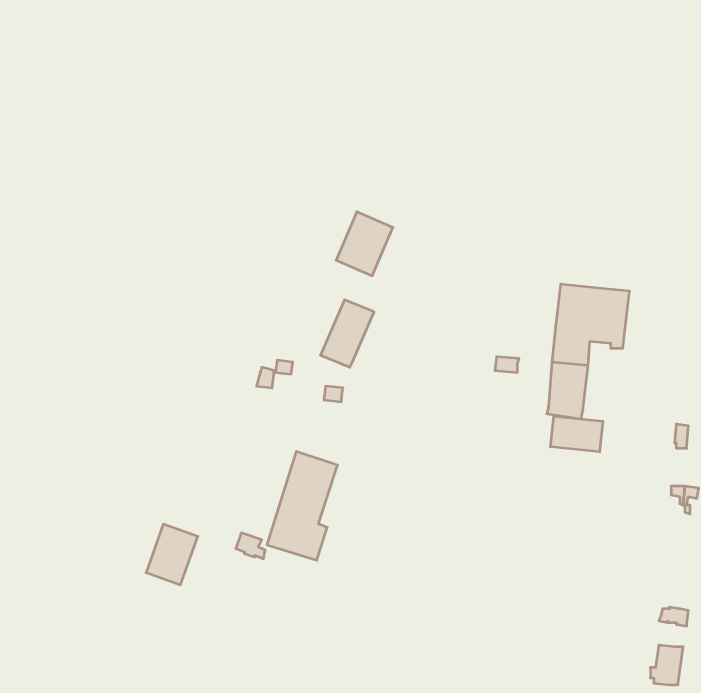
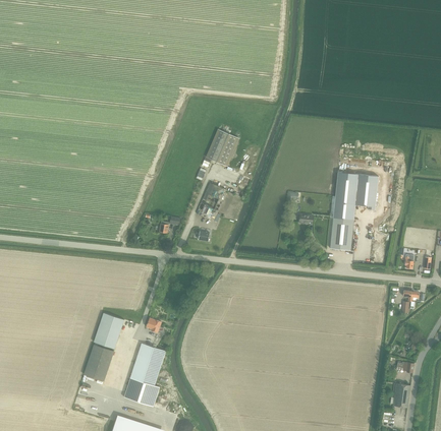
building: [550,416,603,452] -> none
building: [267,451,338,560] -> [123,342,165,406]
building: none -> [84,344,113,380]

